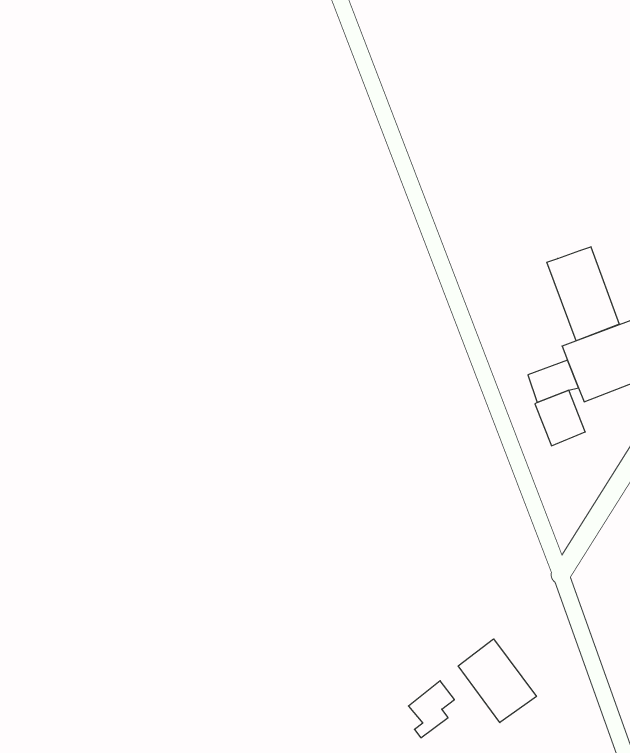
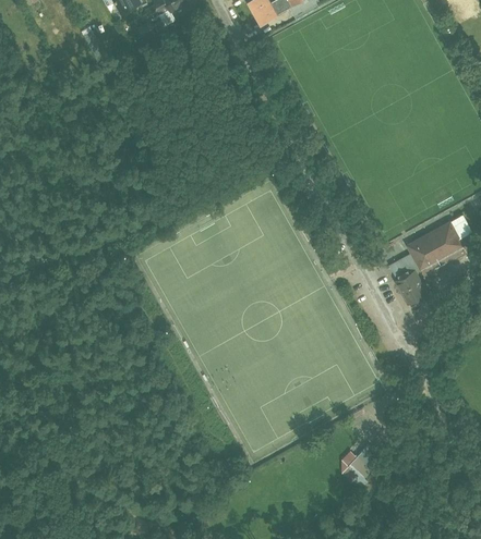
building: [547,247,619,341] -> none
building: [458,639,536,723] -> none

